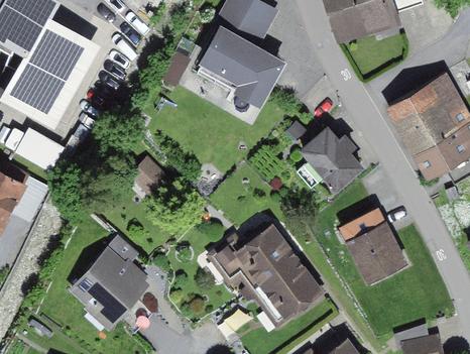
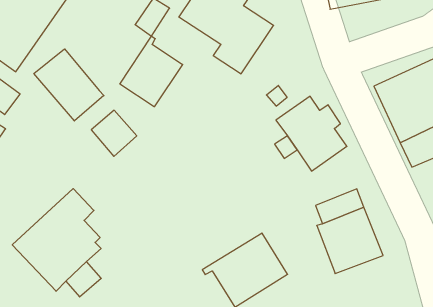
building: none -> [120,36,183,107]
building: none -> [34,49,104,121]
building: [206,226,296,296] -> none

